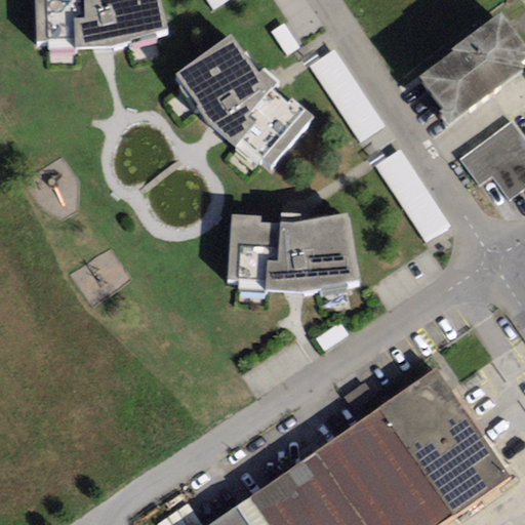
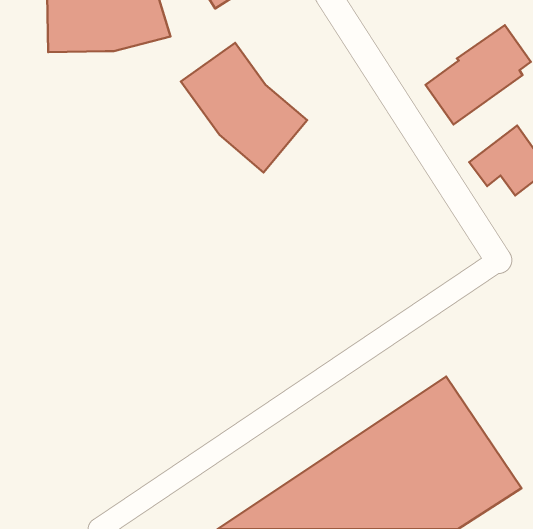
building: [309,48,385,143] -> none
building: [374,149,451,243] -> none
building: [238,218,358,293] -> none

